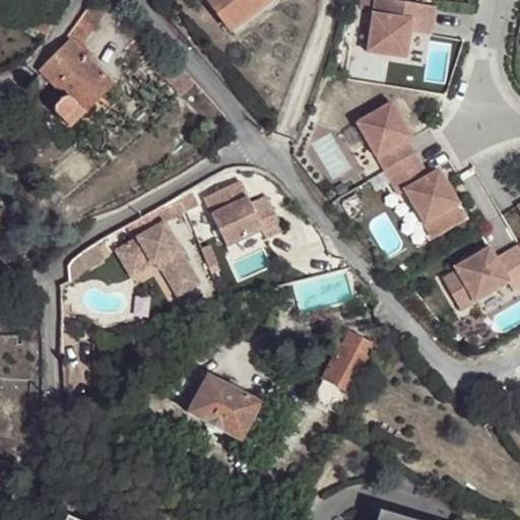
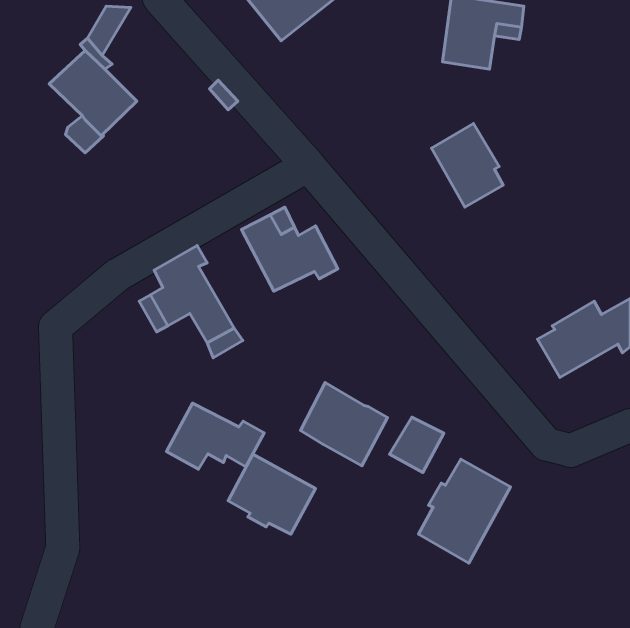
building: [383,152,464,238] -> none
building: none -> [300,383,388,466]
building: none -> [166,403,264,469]
building: none -> [418,459,511,563]

